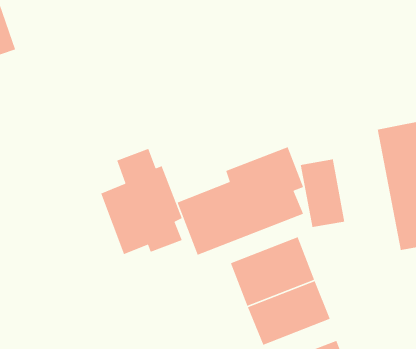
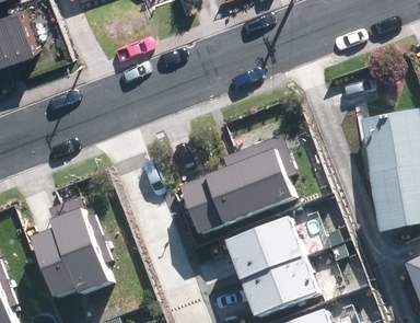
building: [100,148,183,255] -> [35,198,109,295]
building: [300,159,345,228] -> none

